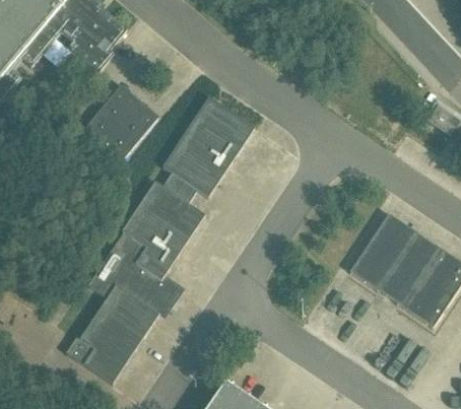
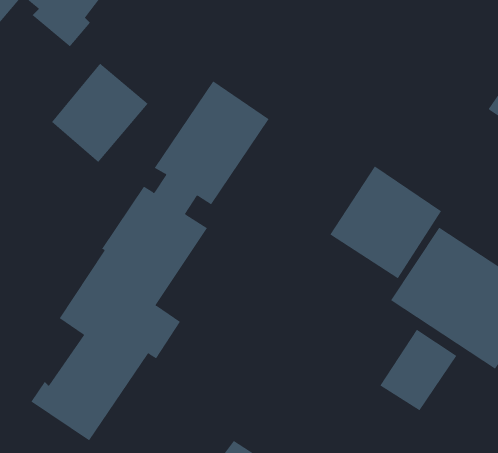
building: none -> [329,166,442,279]
building: none -> [379,329,457,411]

